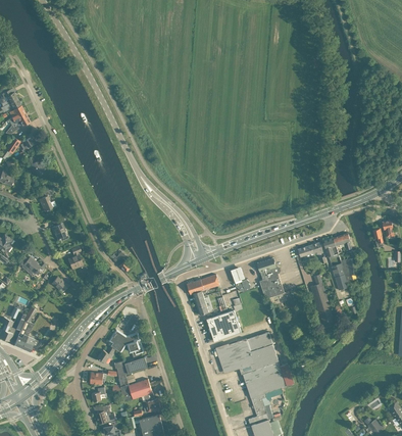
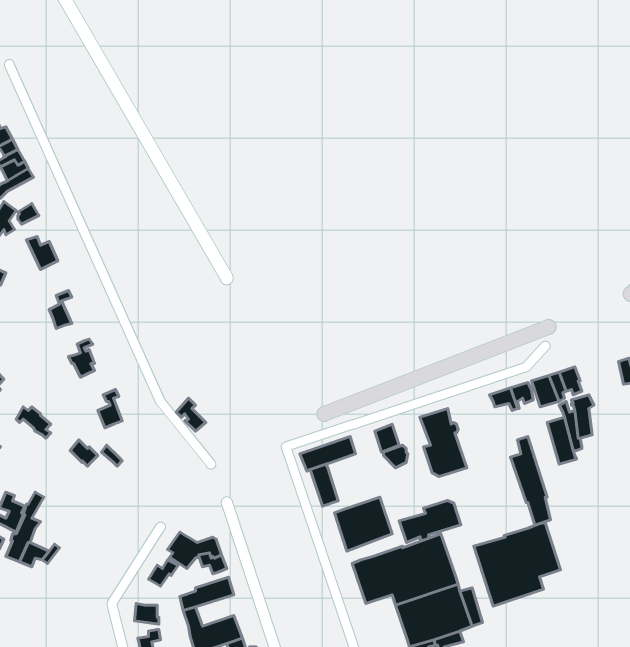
building: none -> [399,501,461,543]
building: none -> [474,522,560,606]

